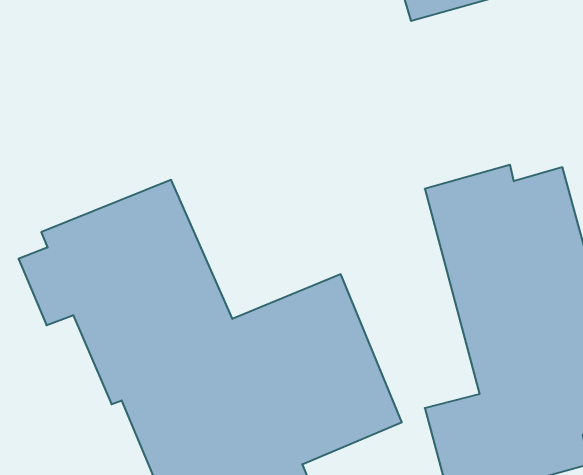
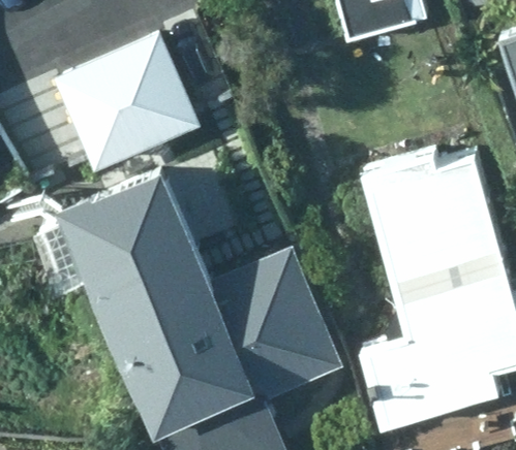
building: none -> [71,29,190,134]

